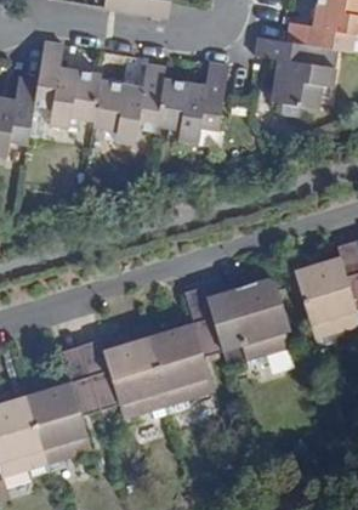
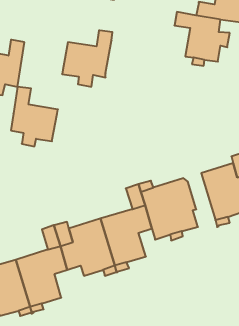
building: [34,40,102,126] -> [11,87,58,146]
building: [155,61,228,141] -> none

